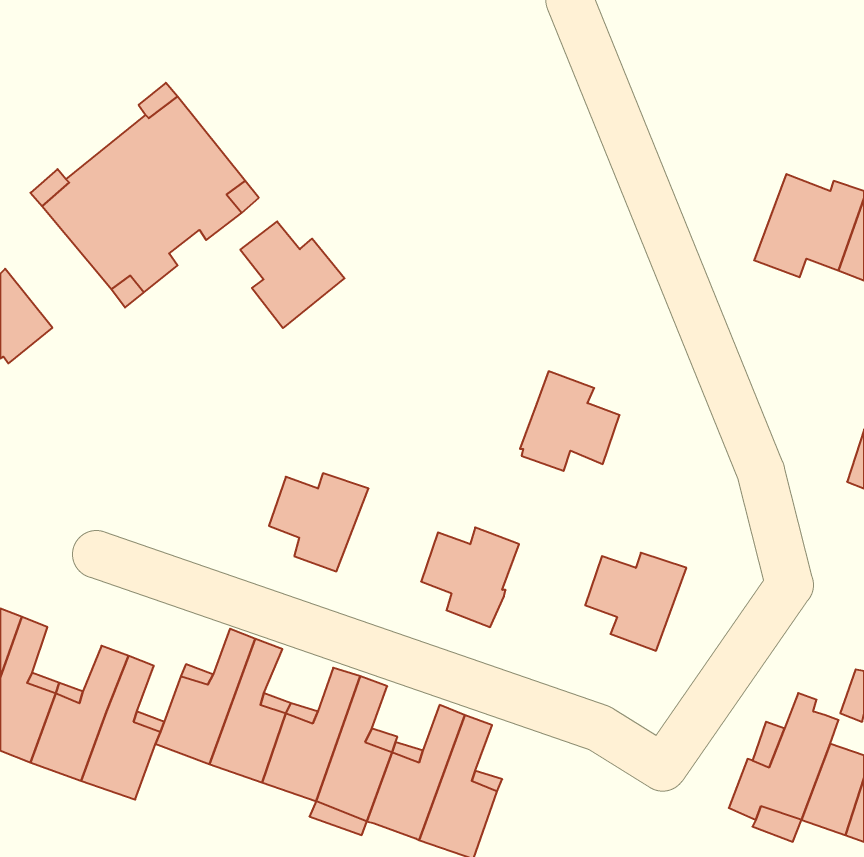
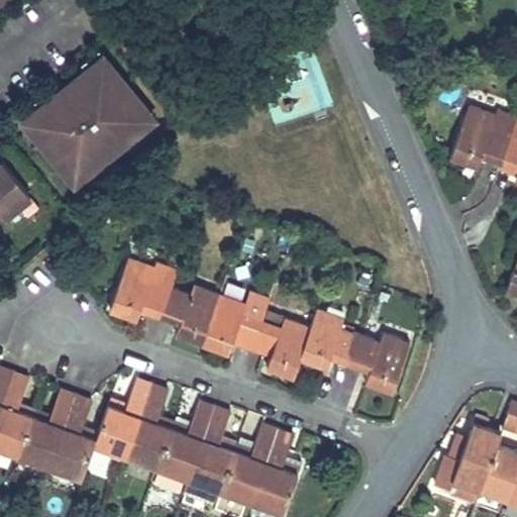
building: [240,221,345,328] -> none
building: [520,371,620,471] -> [300,310,359,370]
building: none -> [109,261,178,321]
building: none -> [201,294,270,354]

